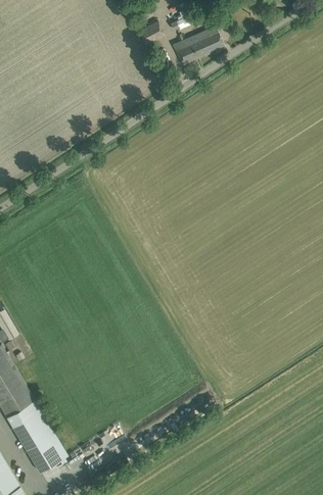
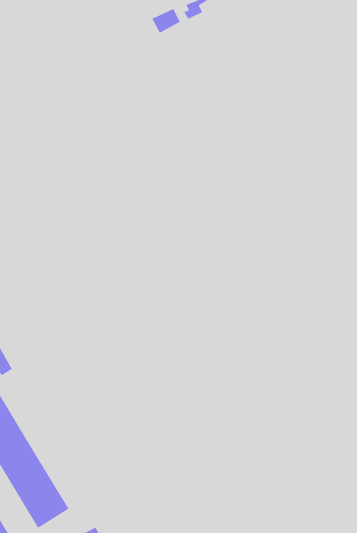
building: [173,27,222,63] -> none

